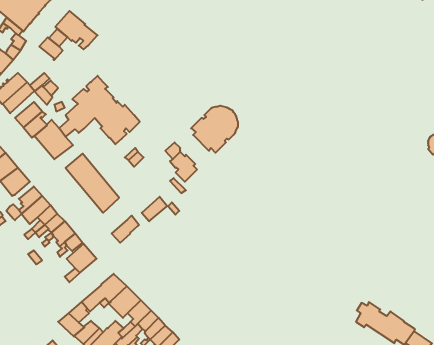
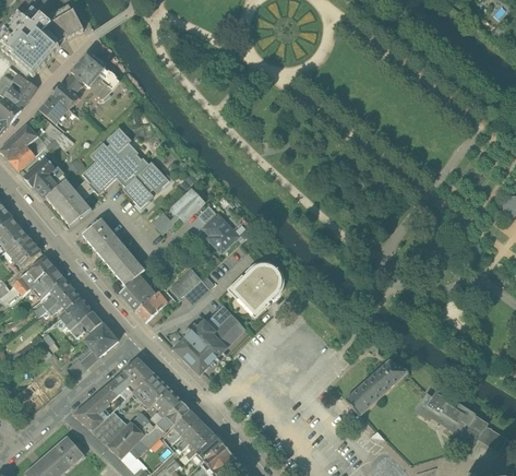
building: none -> [38,94,69,123]
building: [191,106,238,153] -> [229,261,284,316]
building: none -> [169,190,203,222]
building: none -> [120,275,154,311]
building: none -> [172,305,244,374]
building: none -> [344,360,407,416]

